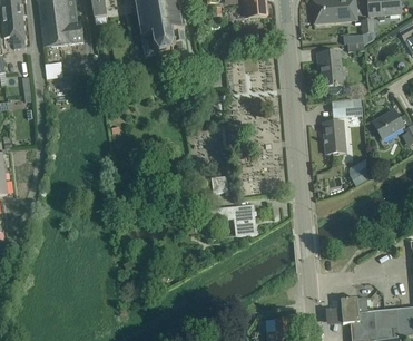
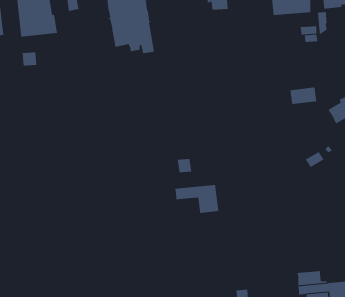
building: [317,49,343,91] -> none
building: [324,119,345,152] -> none

